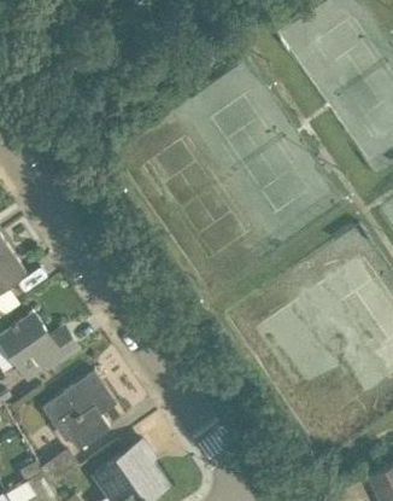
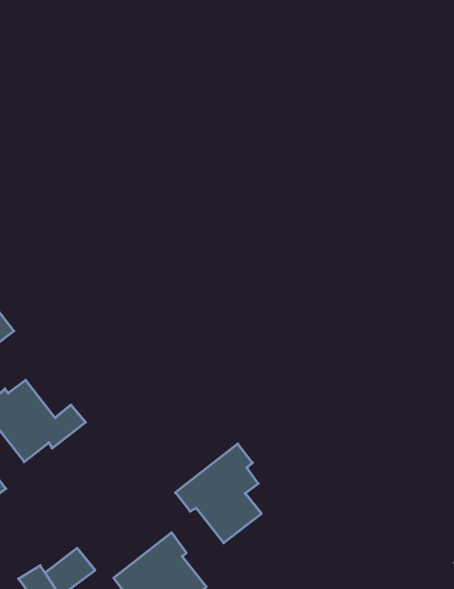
building: [42,372,110,450] -> [175,444,261,543]

